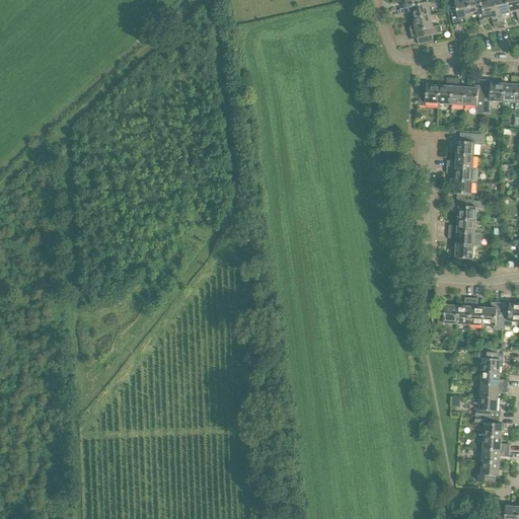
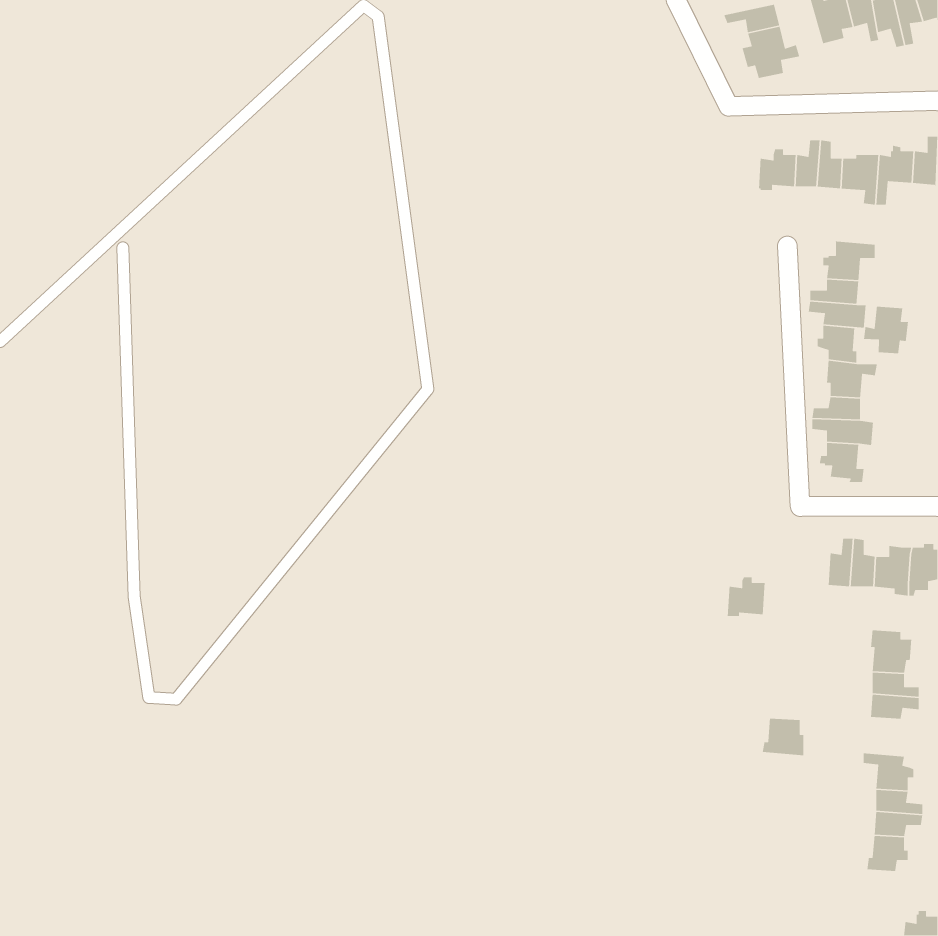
building: none -> [863,306,909,354]
building: [437,302,458,324] -> [727,577,765,617]
building: [476,396,500,418] -> [762,718,804,756]

